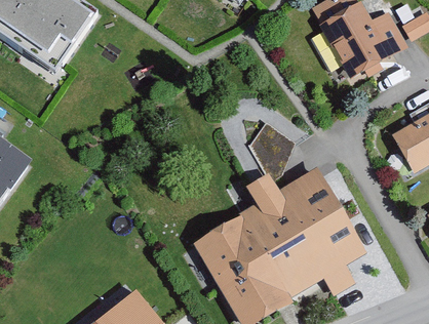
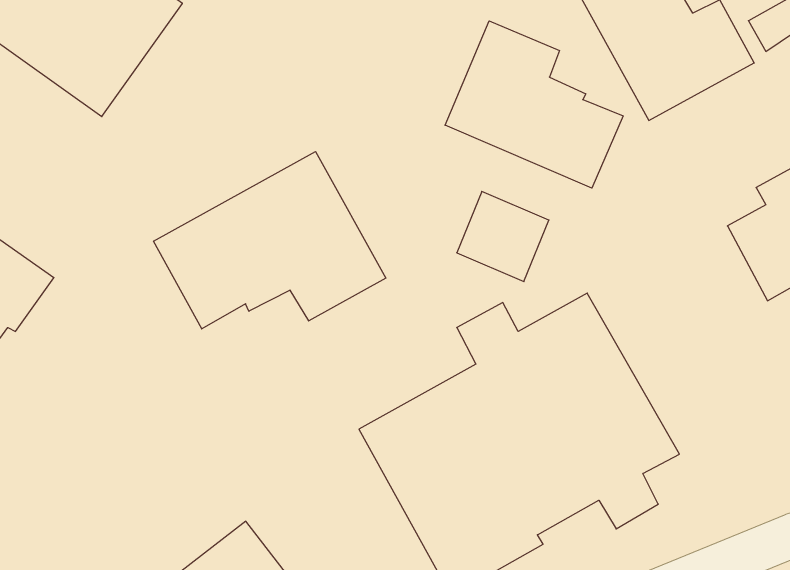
building: none -> [445,21,623,188]
building: none -> [154,152,386,329]

